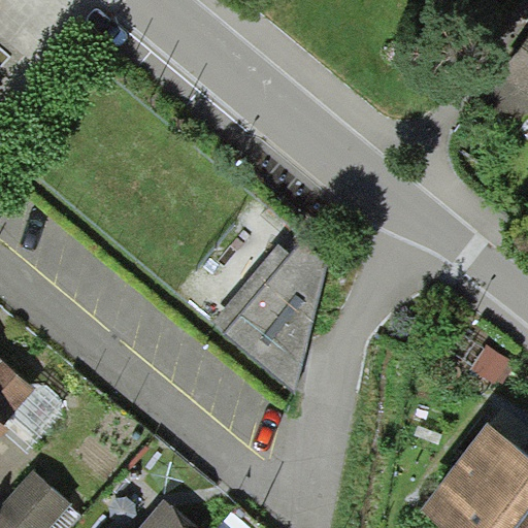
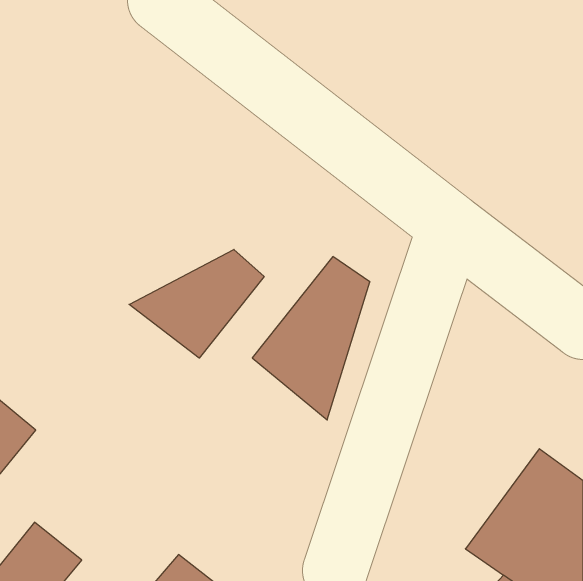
building: none -> [129,249,264,358]

